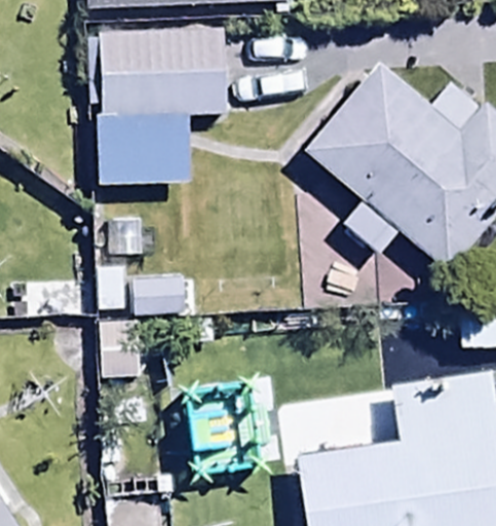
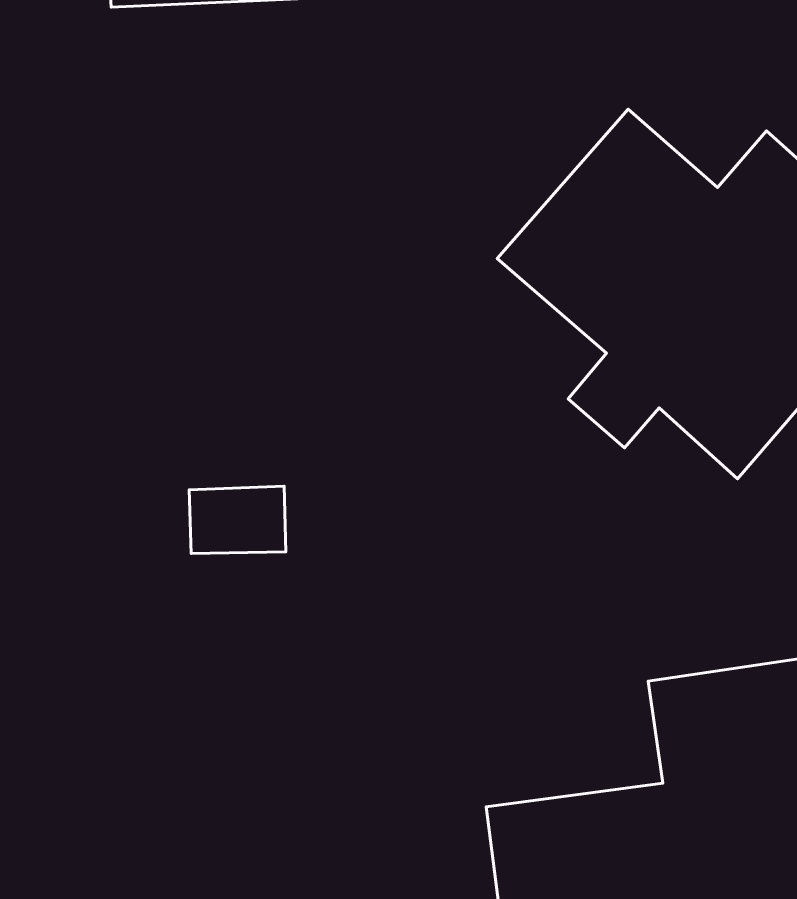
building: [101,28,226,184] -> none

